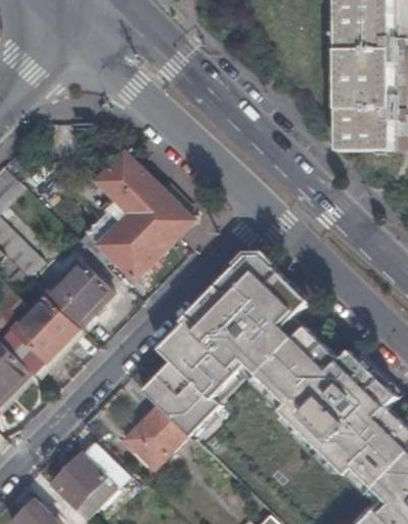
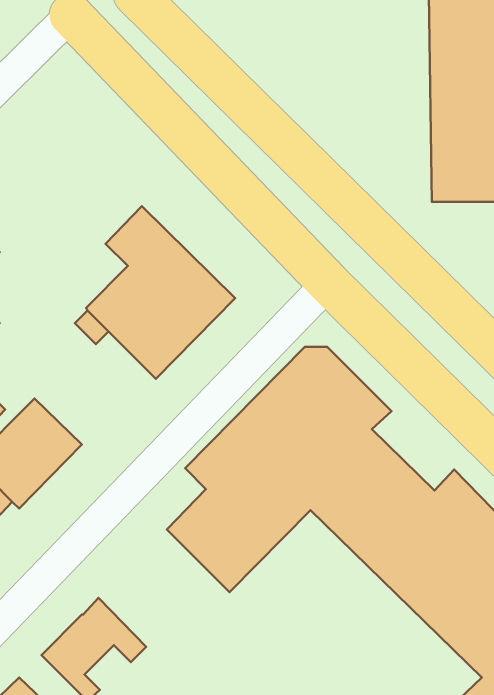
building: [46,261,116,330] -> none
building: [124,405,186,469] -> none

